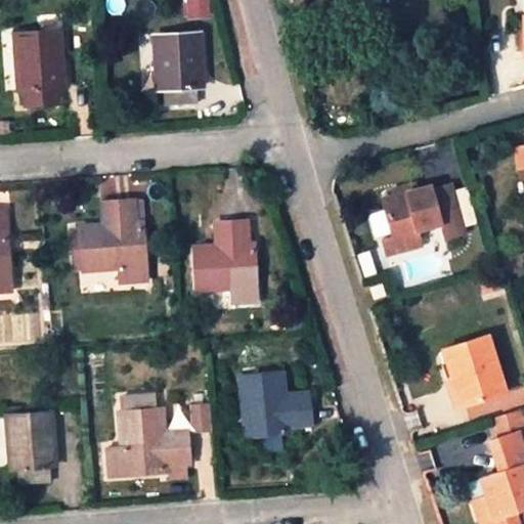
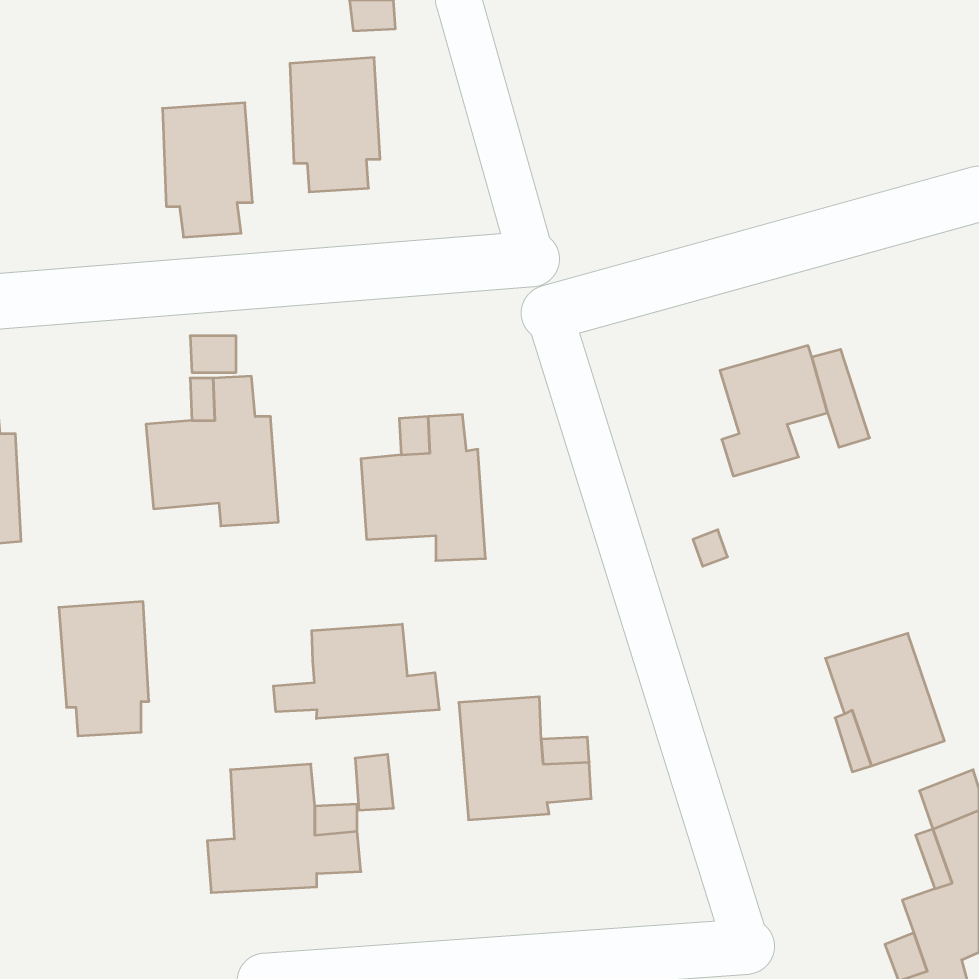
building: [14,31,62,102] -> [162,103,253,237]
building: none -> [273,624,439,719]
building: [6,412,54,484] -> [59,602,149,736]

